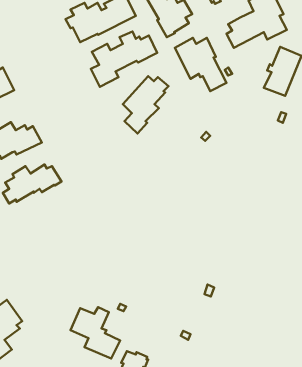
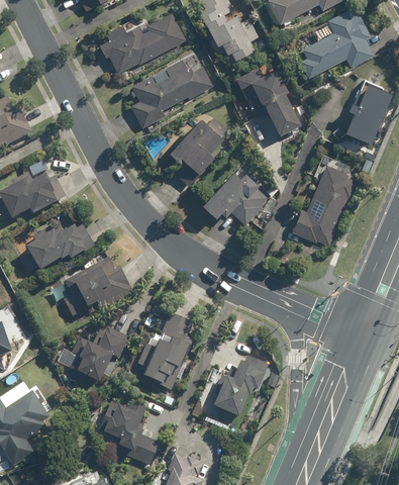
building: none -> [290,158,356,246]
building: none -> [202,170,267,224]
building: none -> [67,257,135,315]
building: none -> [142,314,198,391]
building: none -> [63,326,133,381]
building: none -> [217,356,272,423]

